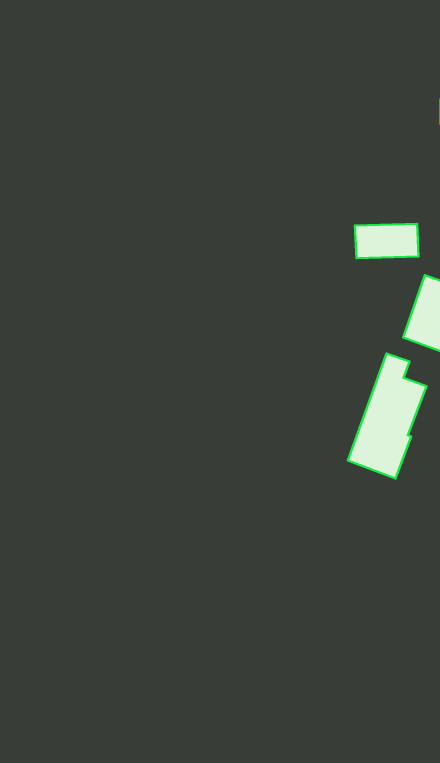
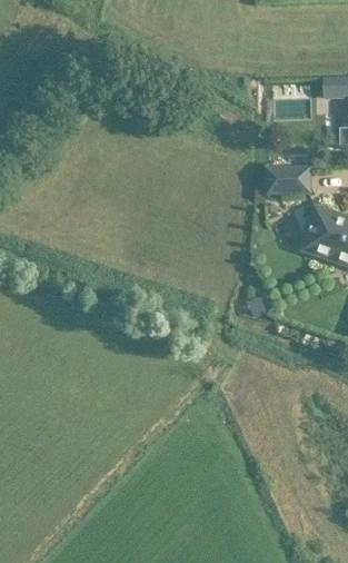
building: [348,353,426,479] -> none

